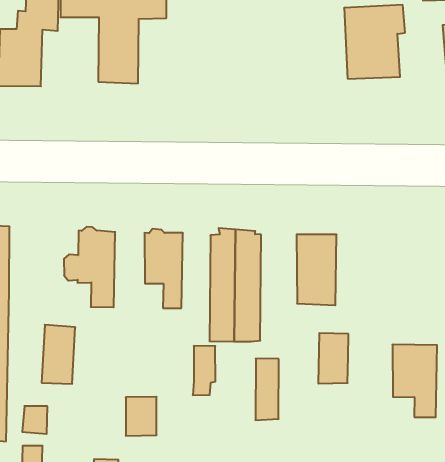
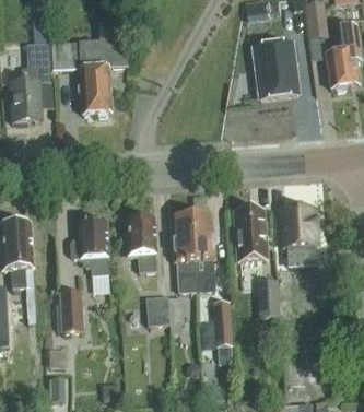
building: [392,345,437,417] -> [280,209,315,261]
building: [126,397,157,436] -> [144,295,168,325]

